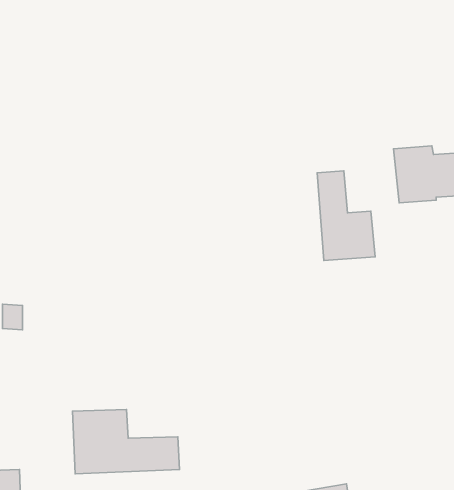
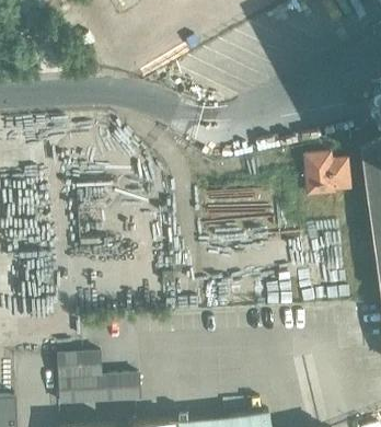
building: [317,171,375,260] -> none

